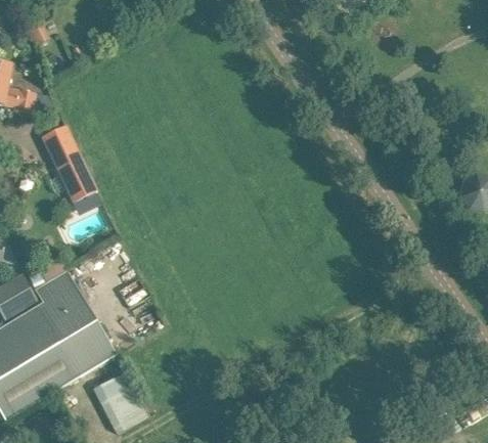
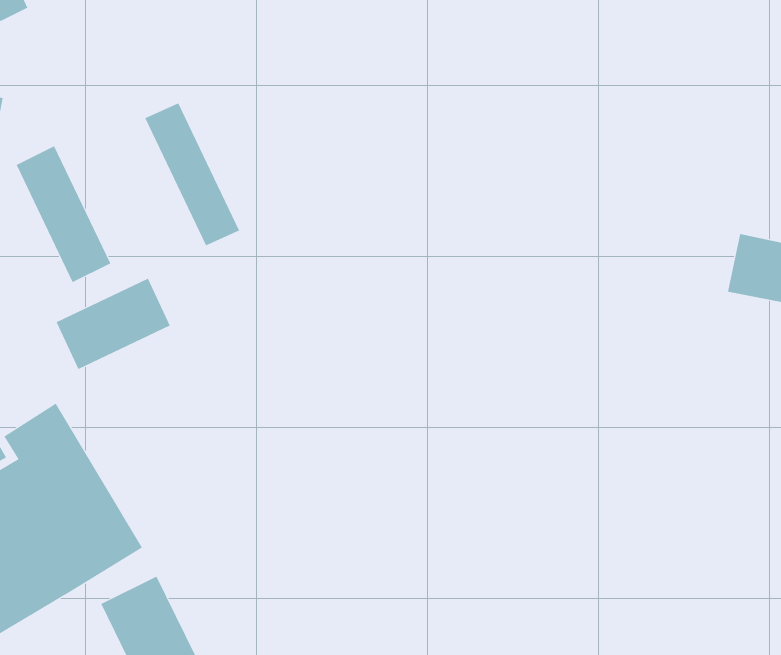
building: none -> [144,102,240,246]
building: none -> [56,278,171,370]

